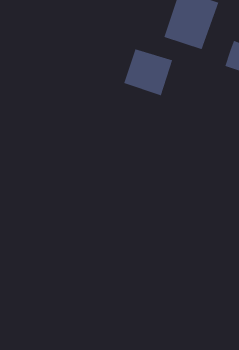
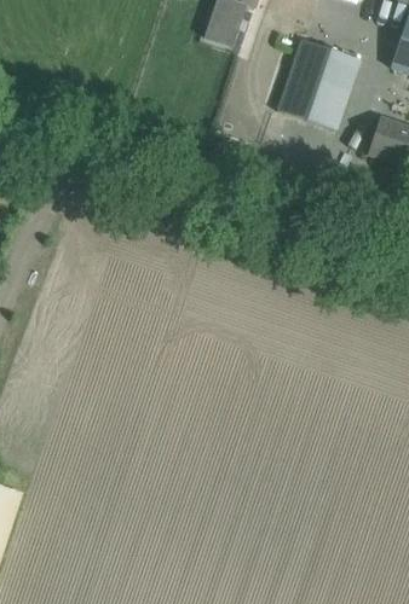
building: [123,48,173,96] -> none

